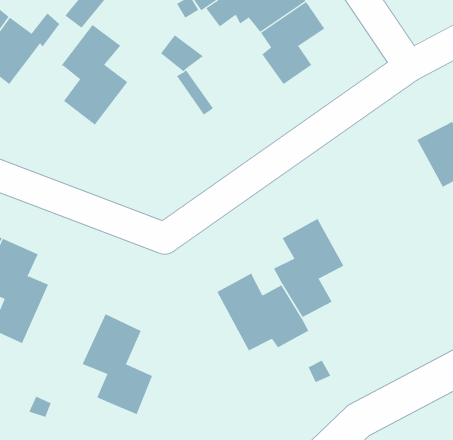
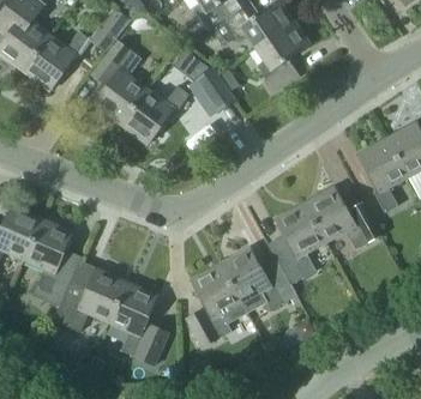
building: none -> [194,67,233,110]
building: none -> [119,85,188,144]
building: none -> [356,137,407,212]
building: none -> [303,186,379,249]
building: none -> [185,262,246,347]
building: none -> [53,267,127,331]

